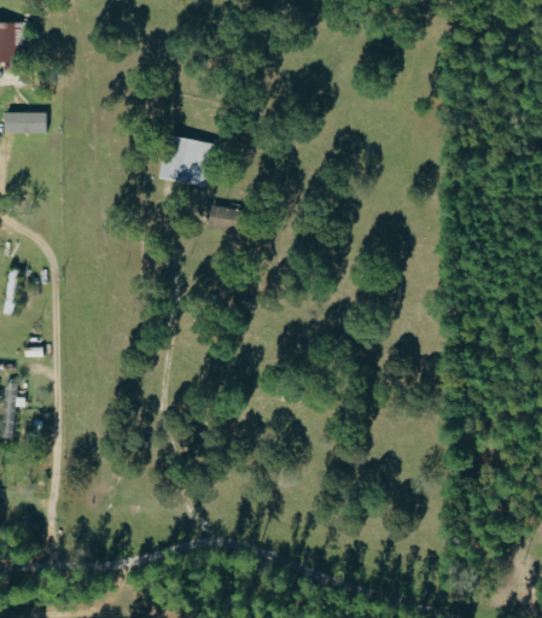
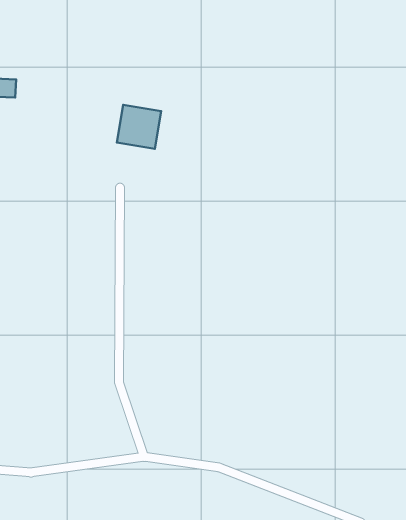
building: [208,206,240,233] -> none

